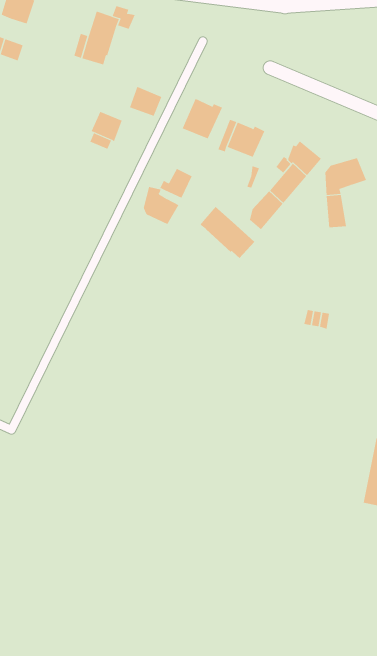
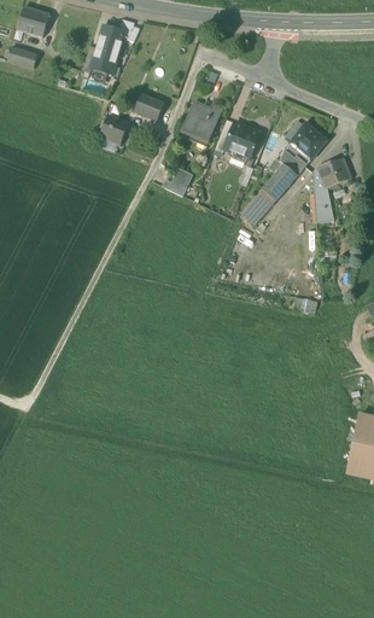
building: none -> [290,122,326,158]
building: [143,186,179,225] -> none
building: [199,206,255,259] -> none

